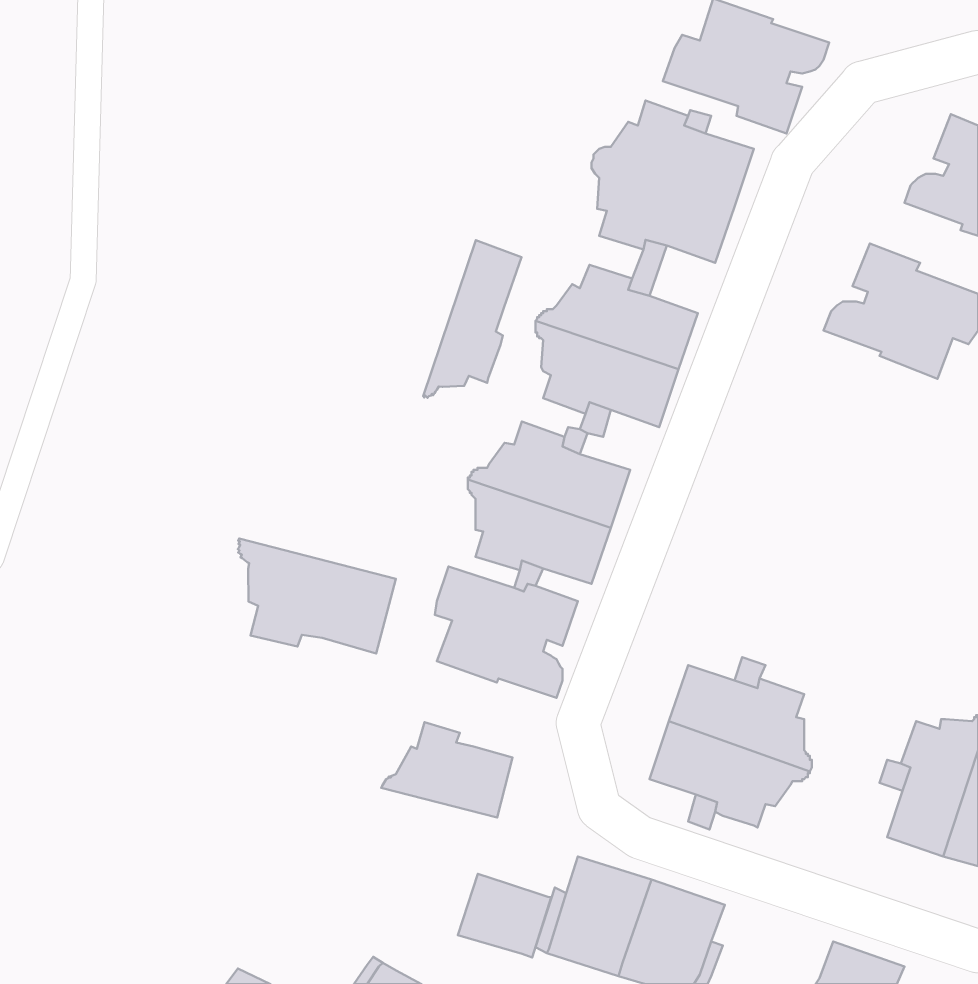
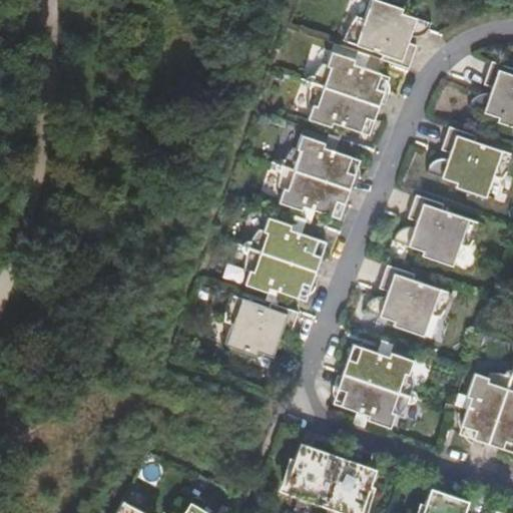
building: [423,240,522,398] -> none
building: none -> [391,195,479,266]
building: none -> [365,265,452,336]
building: [238,538,396,653] -> none
building: [381,722,512,818] -> none
building: [458,874,551,957] -> none

